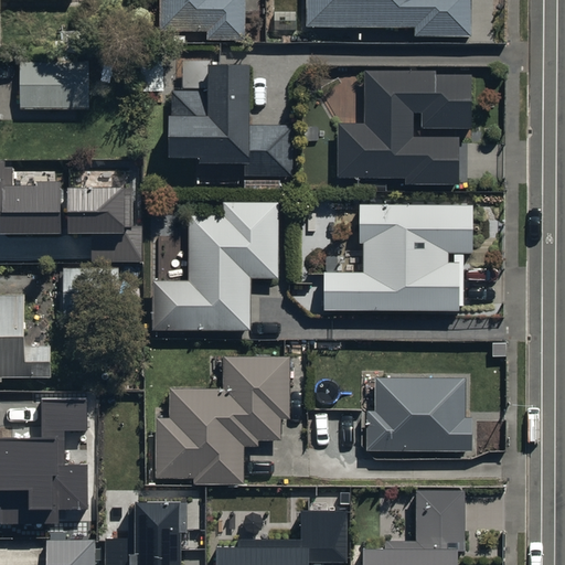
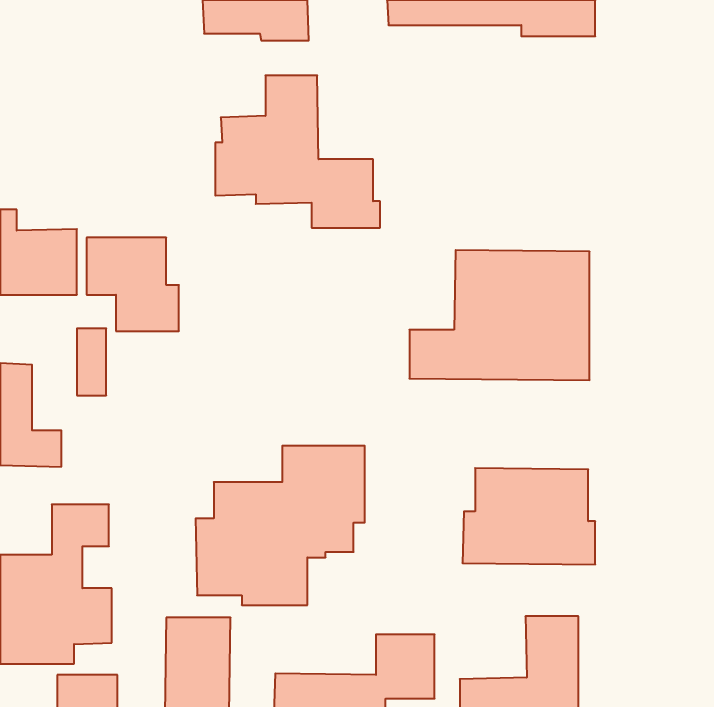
building: [20,54,90,109] -> none
building: [334,70,468,175] -> none
building: [149,203,274,329] -> none

